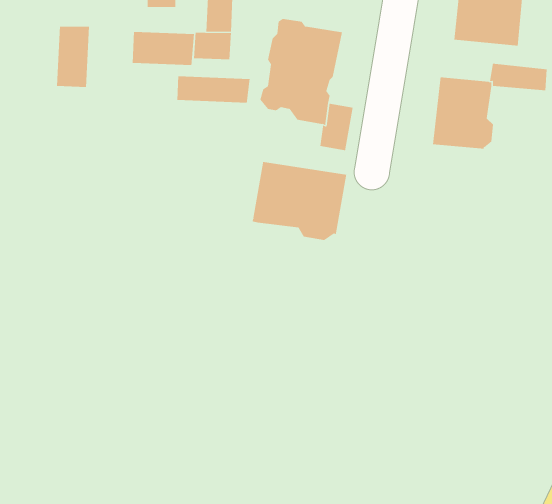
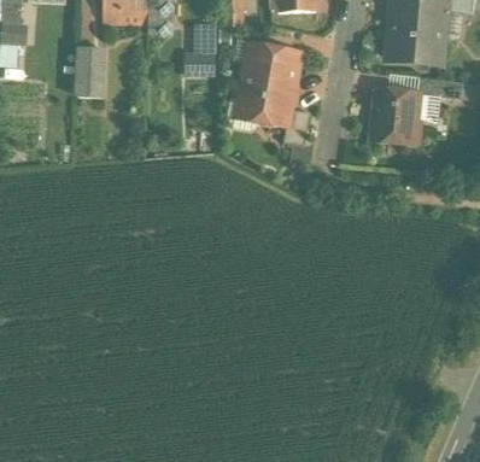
building: [132,31,195,66] -> none
building: [177,76,250,103] -> none
building: [252,161,347,241] -> none

